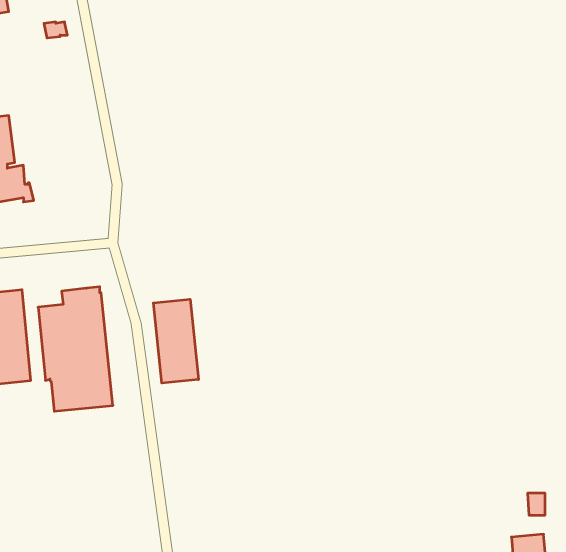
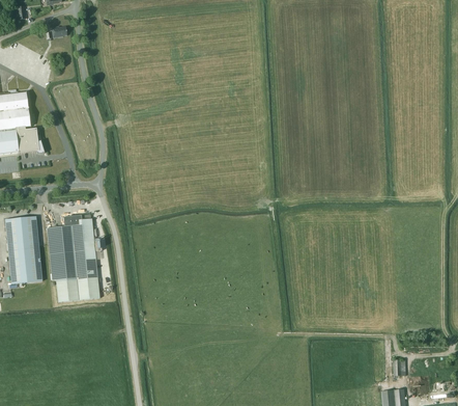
building: [153,299,198,383] -> none

